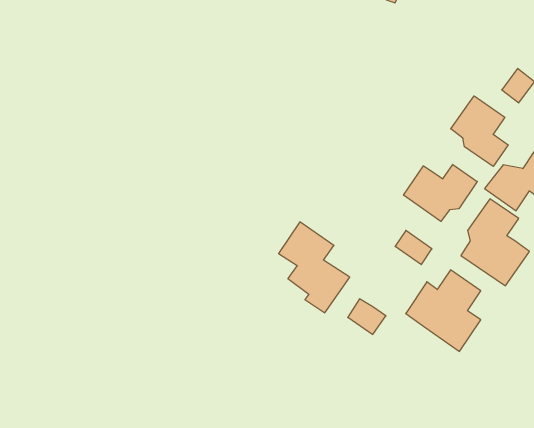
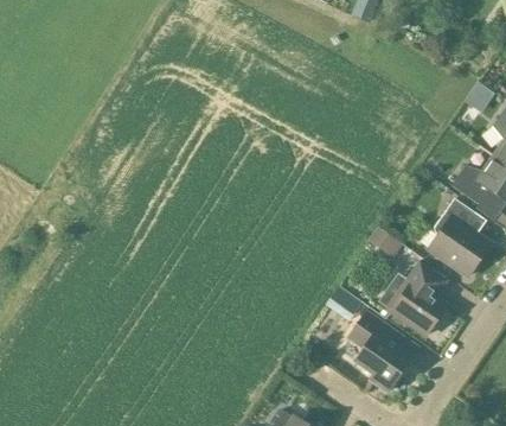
building: [451,96,508,166] -> none
building: [403,164,477,221] -> none
building: [279,222,350,313] -> [346,310,410,392]

